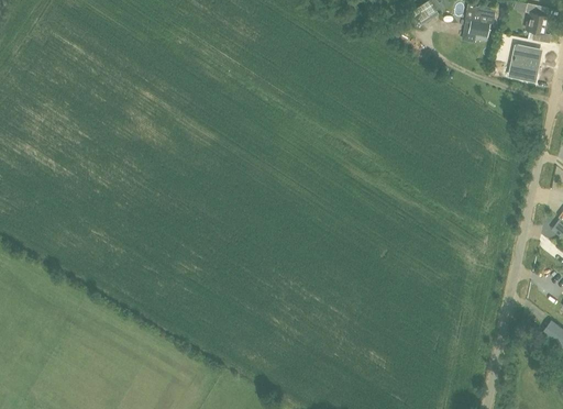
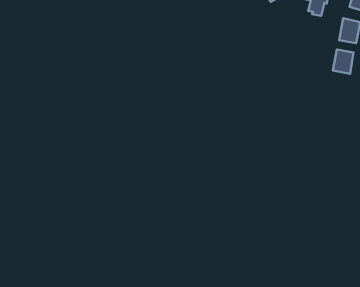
building: none -> [333,49,354,74]

